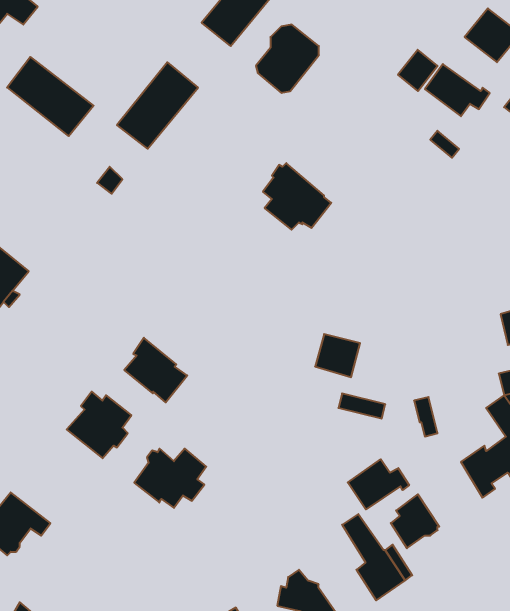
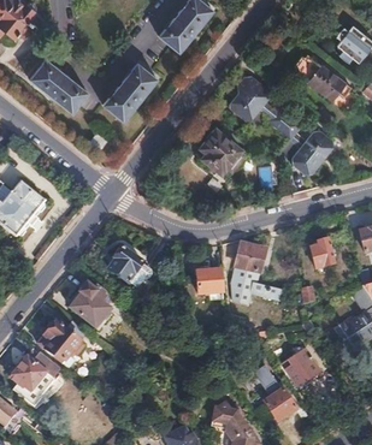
building: [256,25,319,93] -> [229,76,271,121]
building: none -> [293,132,335,176]
building: none -> [308,236,333,269]
building: none -> [197,271,222,301]
building: [134,449,206,508] -> [39,320,87,360]
building: [348,459,409,509] -> none

